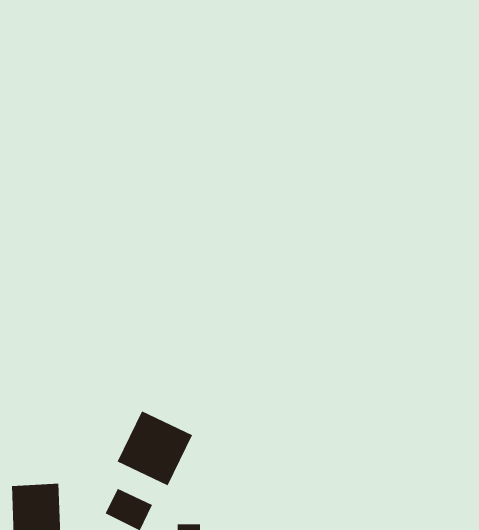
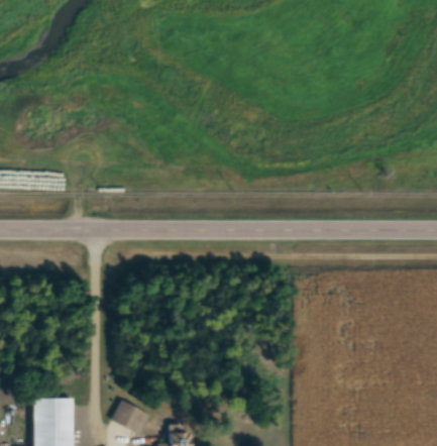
building: [117,411,193,486] -> none

